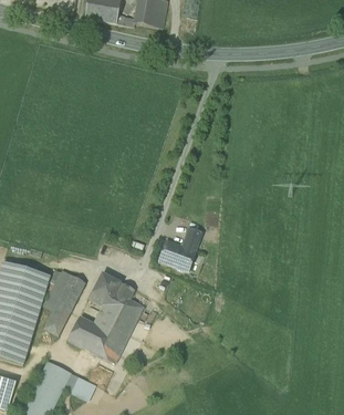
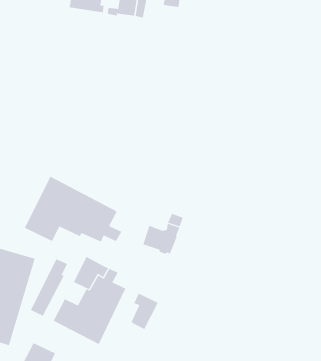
building: none -> [24,176,122,243]
building: none -> [131,293,158,330]

